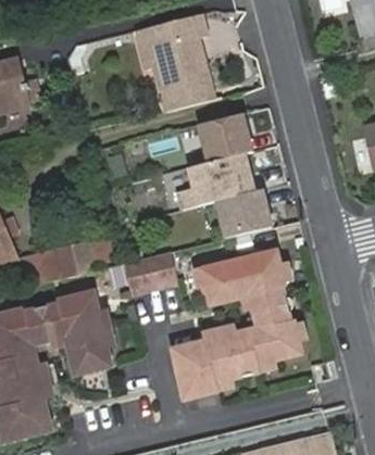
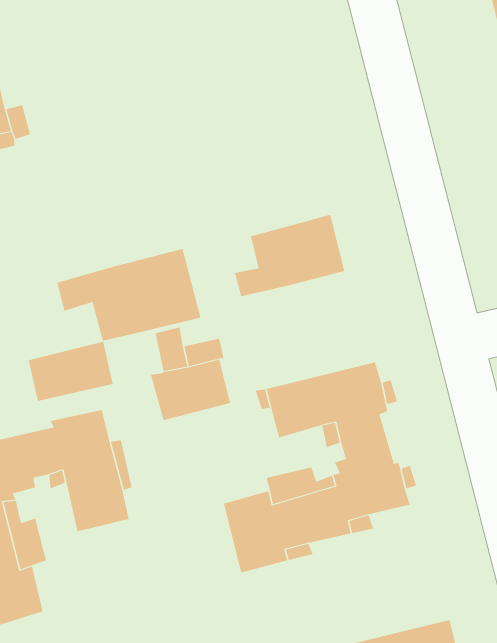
building: [138,14,215,110] -> none
building: [200,113,254,163] -> none
building: none -> [57,248,201,342]
building: [217,190,273,239] -> none

